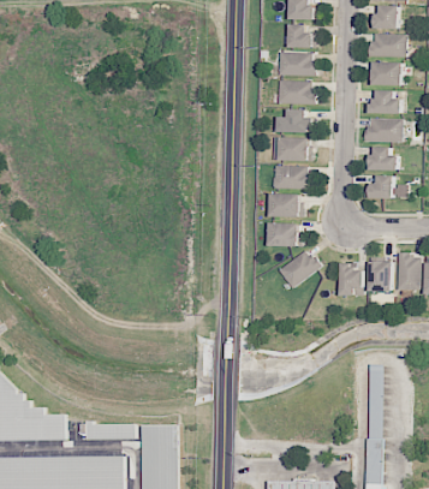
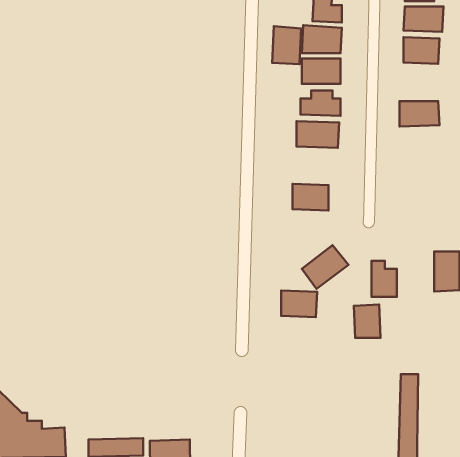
building: none -> [272,26,301,64]
building: [369,90,399,113] -> none
building: [369,147,398,171] -> none
building: [274,165,310,189] -> none
building: [365,175,409,198] -> none
building: [269,222,302,246] -> [281,290,317,317]
building: [369,261,393,291] -> [354,304,380,338]

